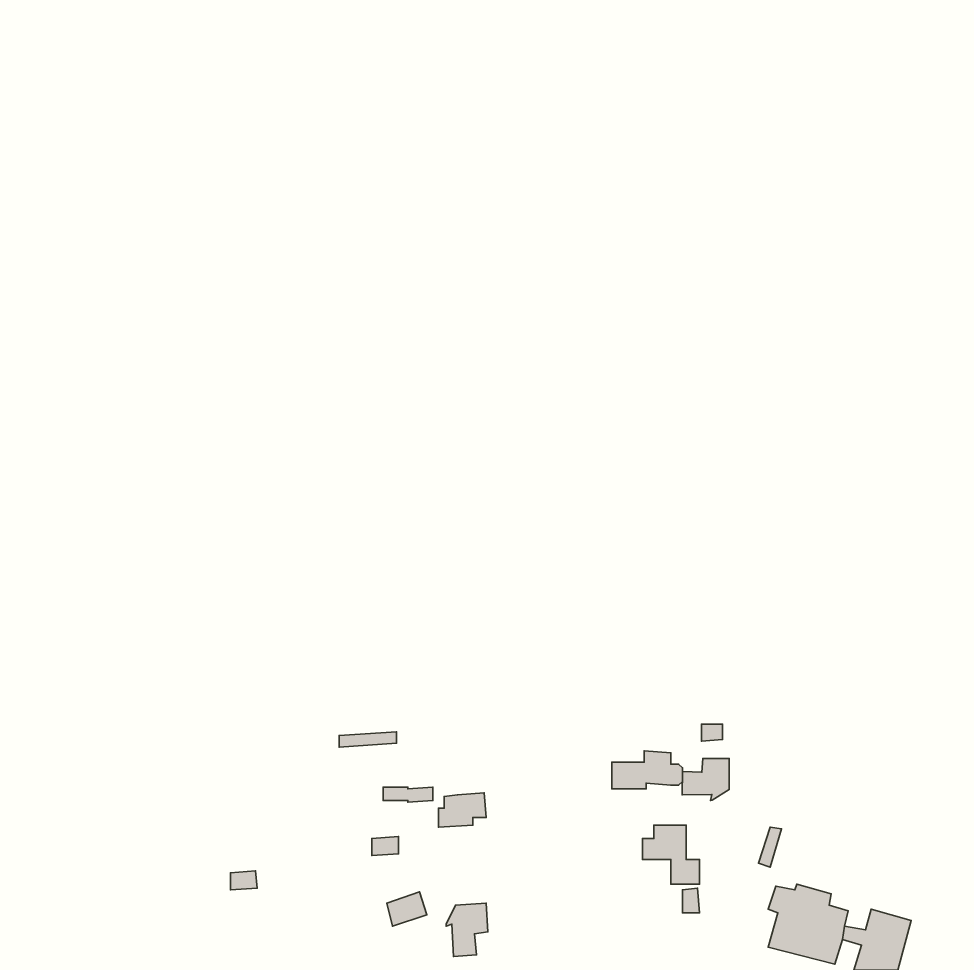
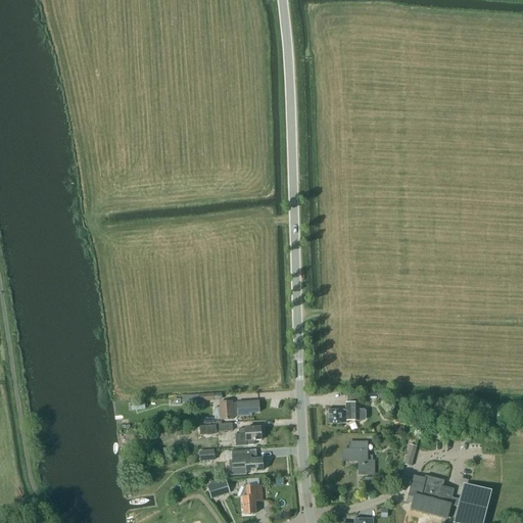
building: none -> [219,399,258,419]
building: [682,759,729,800] -> none
building: none -> [231,448,263,470]

